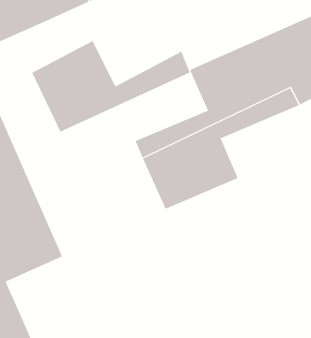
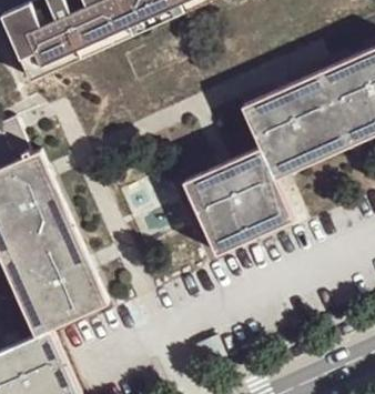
building: [31,40,191,132] -> none

